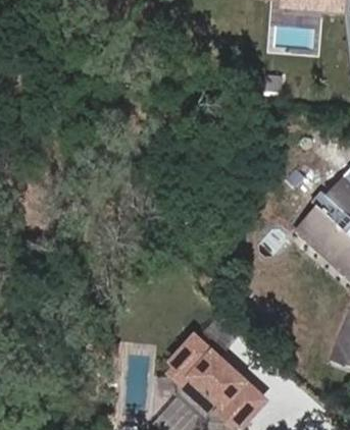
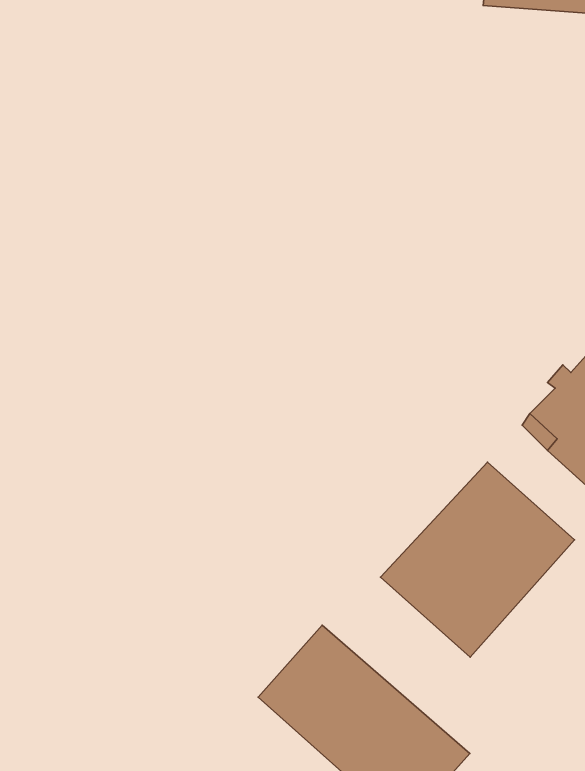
building: none -> [380,462,575,657]

